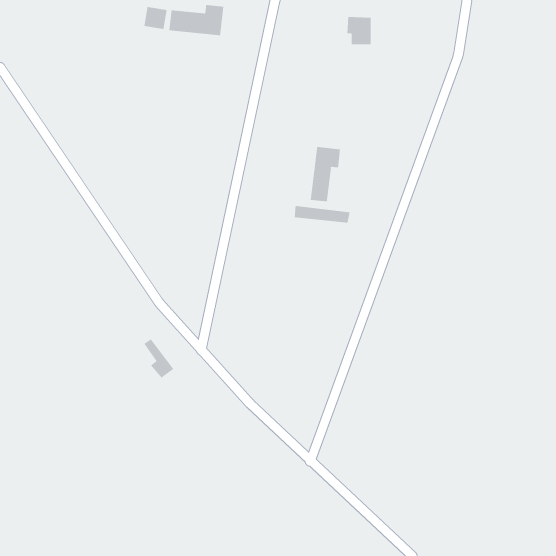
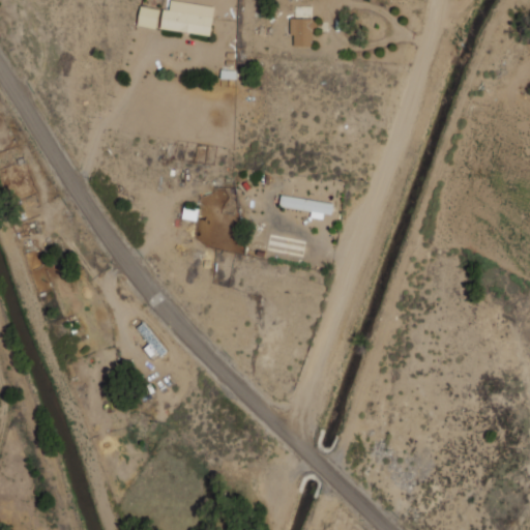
building: [346,17,371,45] -> [289,19,313,46]
building: [310,146,340,202] -> none

